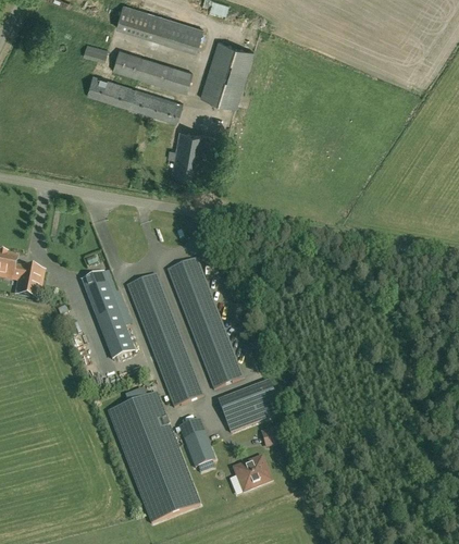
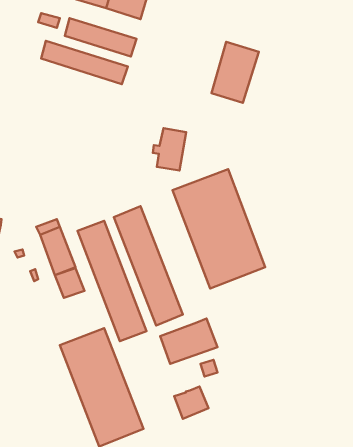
building: [201,40,253,108] -> [211,42,259,103]
building: [169,131,206,177] -> [153,128,186,171]
building: none -> [172,169,265,289]
building: [179,419,215,467] -> none

